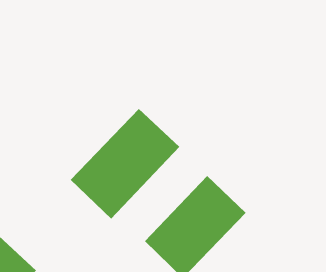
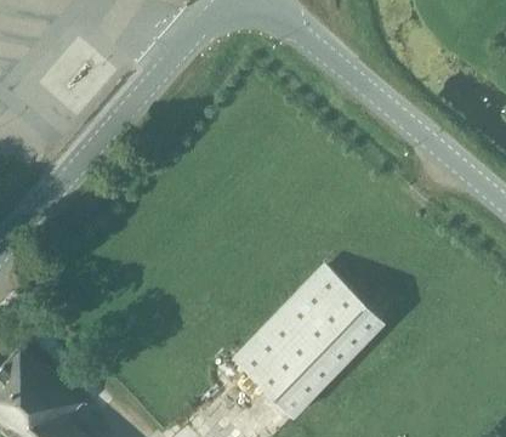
building: [70,108,180,219] -> none

